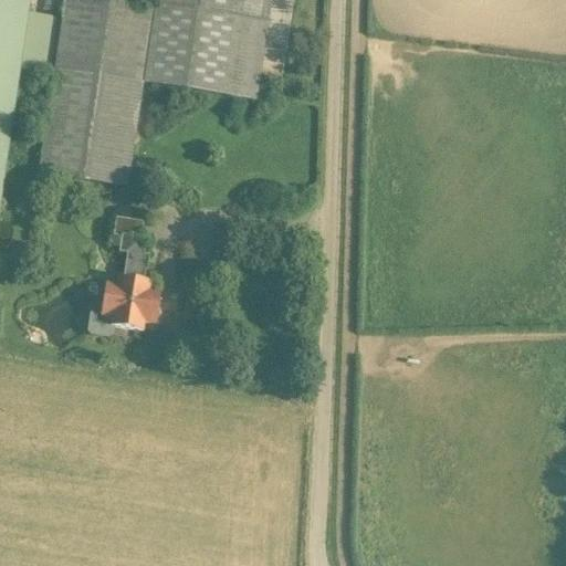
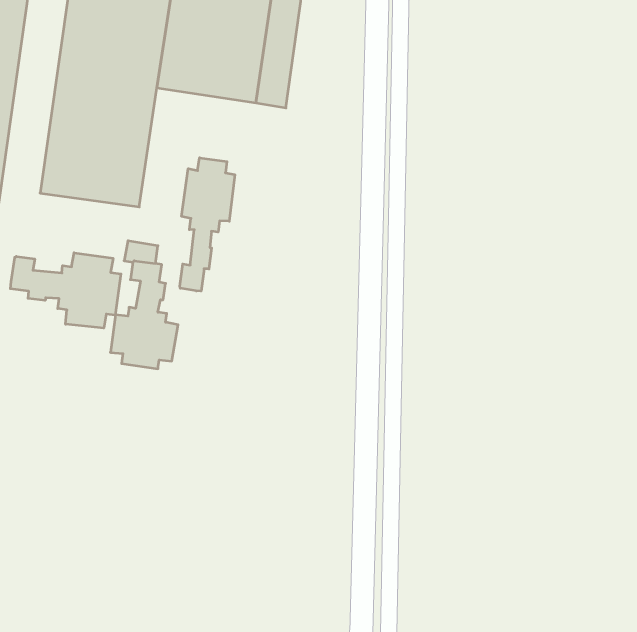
building: none -> [180,158,235,291]
building: none -> [10,253,121,328]

